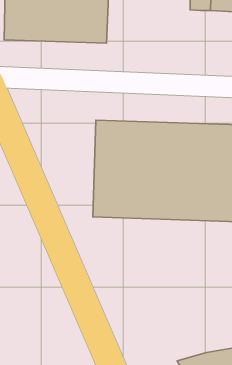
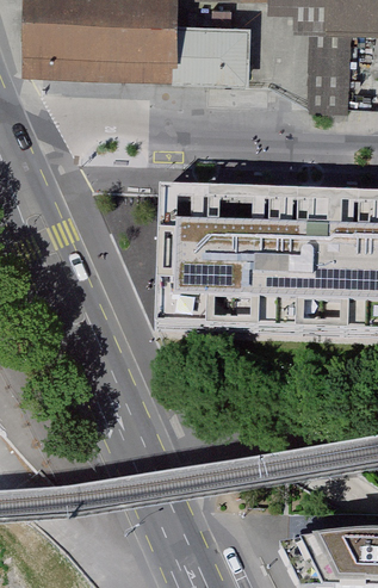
building: none -> [173,19,250,80]
building: none -> [310,29,352,109]

